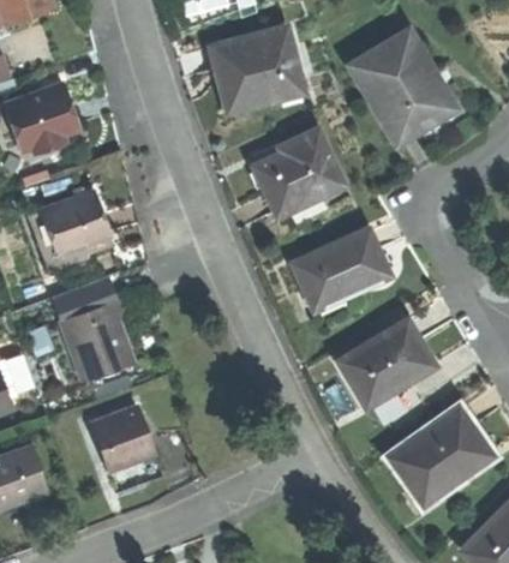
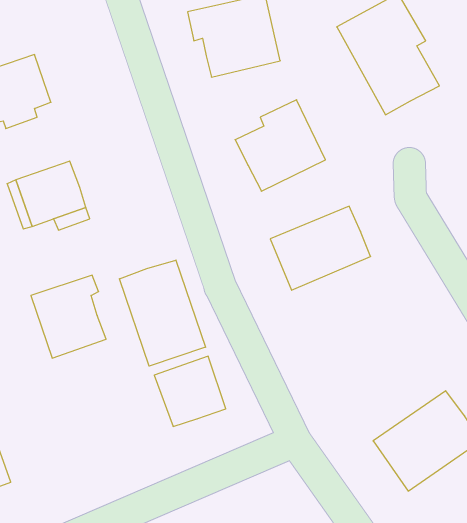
building: none -> [119,260,206,366]
building: [334,316,433,405] -> none
building: [90,409,158,477] -> [154,356,226,426]

